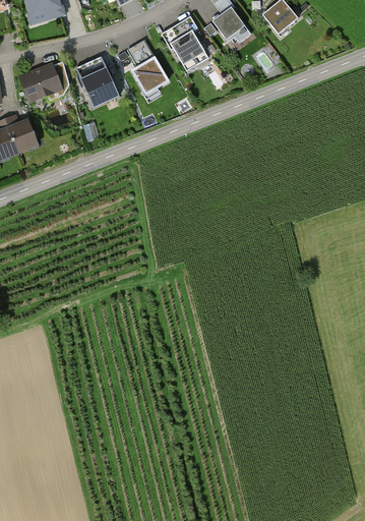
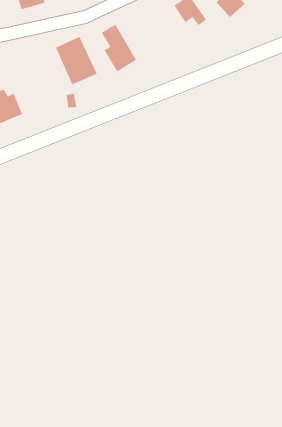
building: [161,16,207,69] -> none
building: [20,64,60,102] -> none

